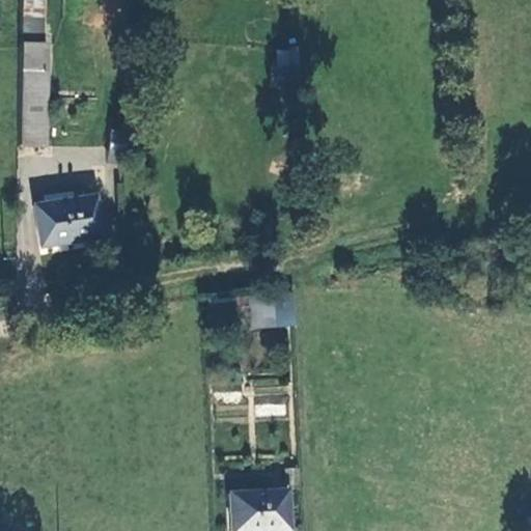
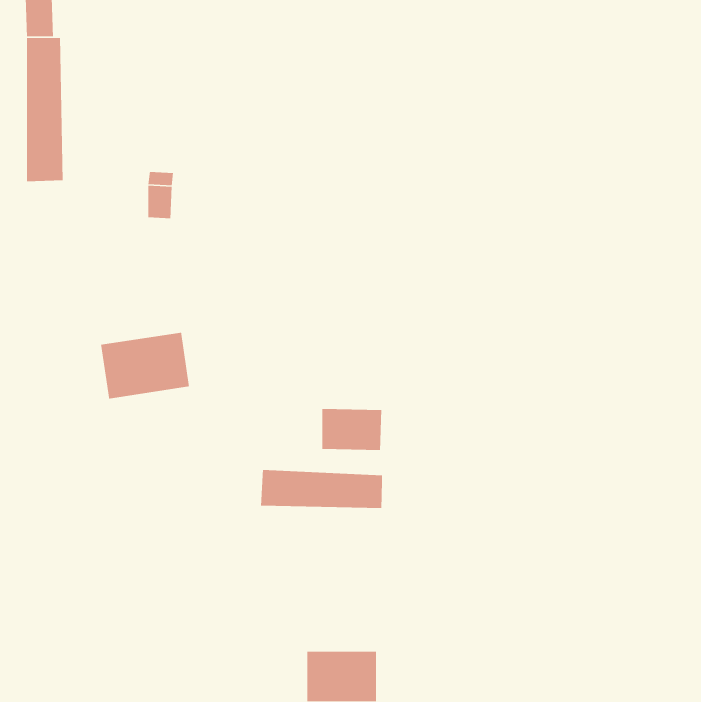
building: [33,195,101,246] -> [100,332,190,399]
building: none -> [260,469,383,509]

